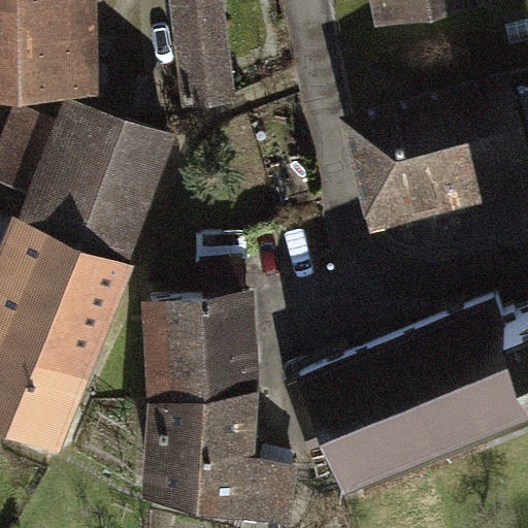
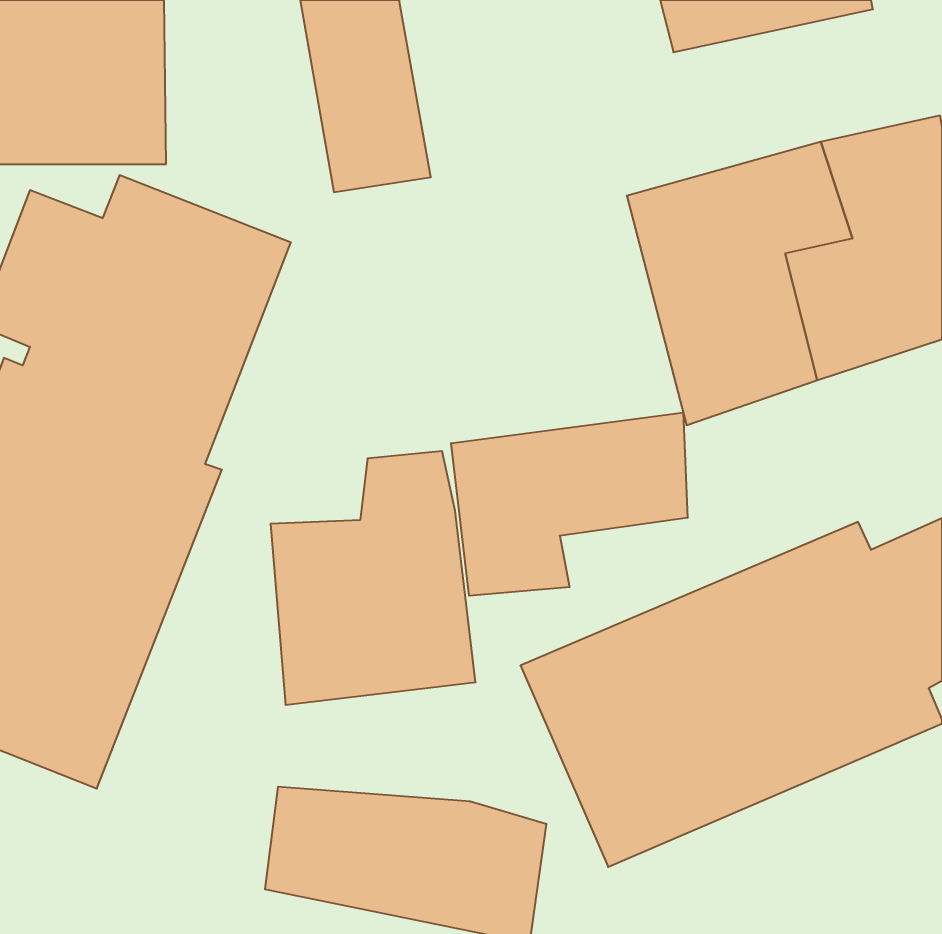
building: none -> [451,413,688,596]
building: [154,388,263,454] -> none

